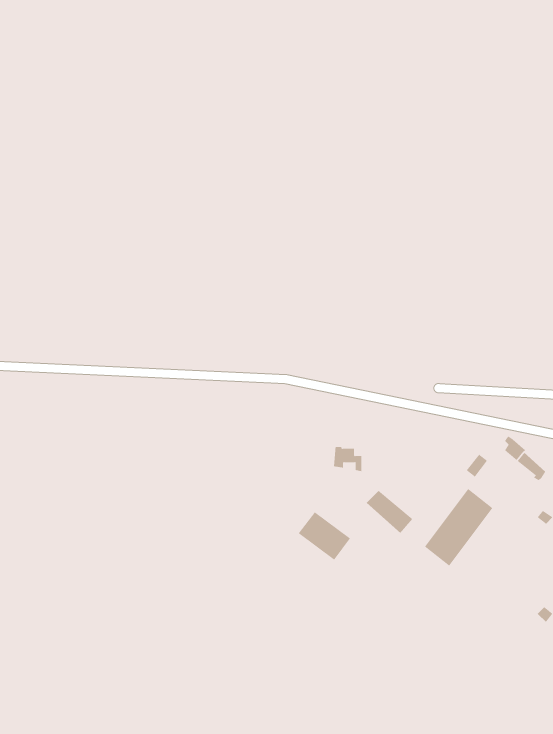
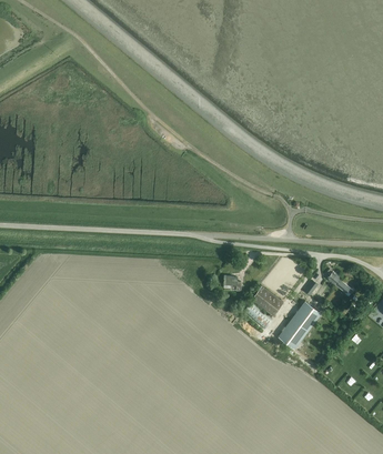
building: [298,511,351,560] -> [251,285,283,315]

